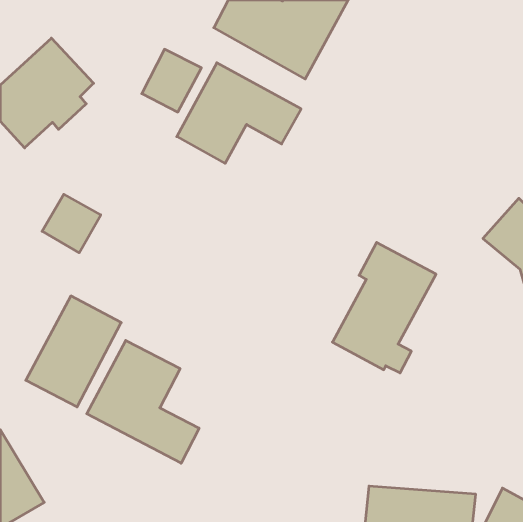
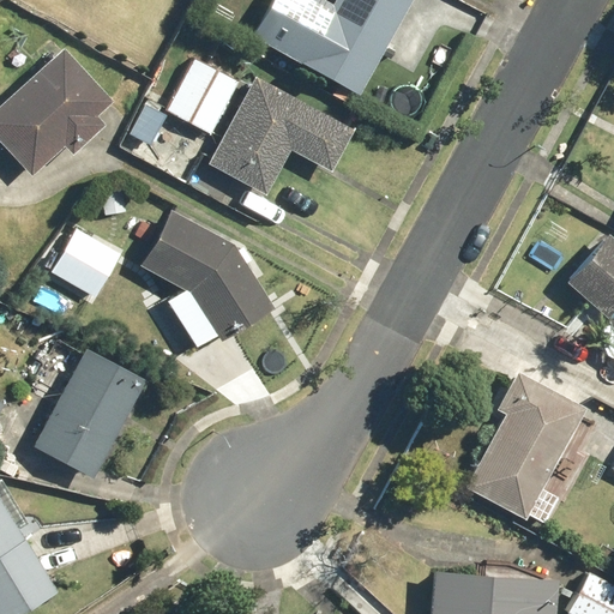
building: none -> [139,211,273,342]
building: [332,242,436,373] -> [465,372,586,524]
building: [87,340,199,463] -> none

